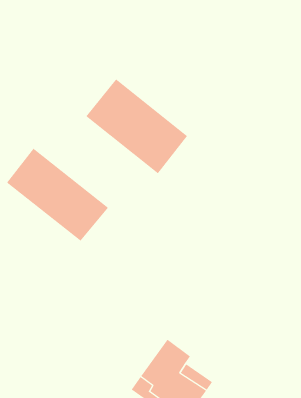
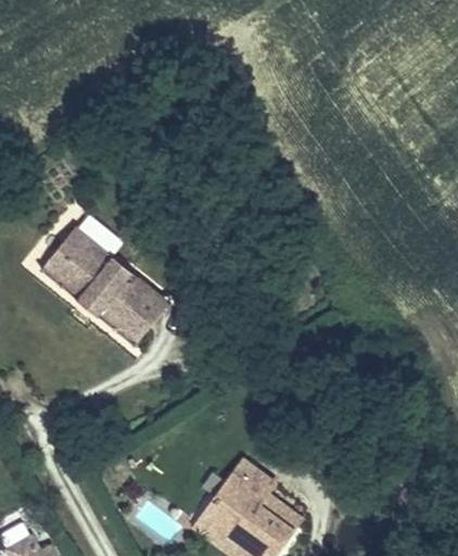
building: [85,79,188,174] -> none

